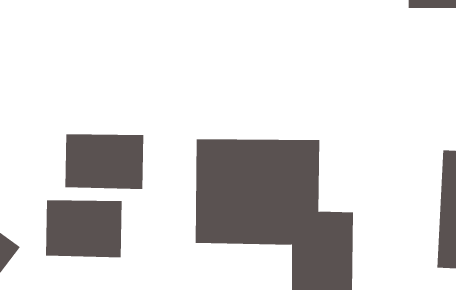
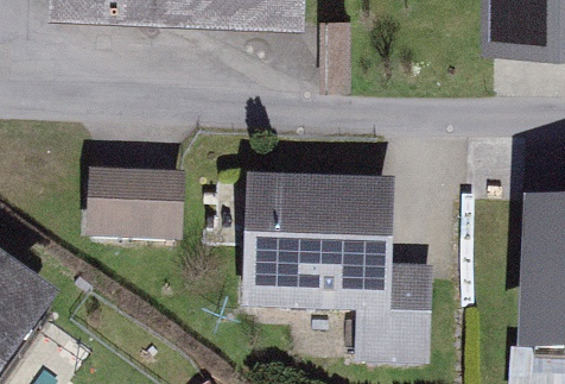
building: [45,200,122,258] -> none

